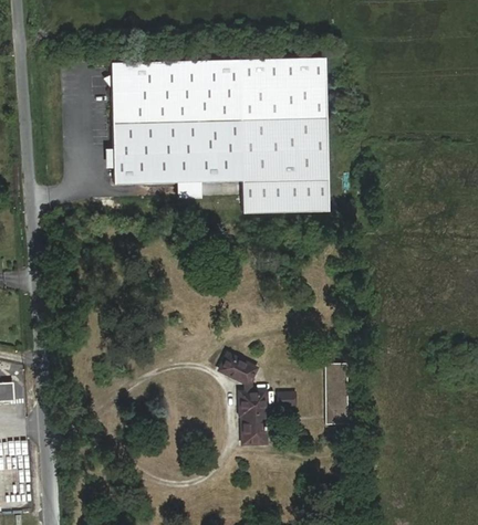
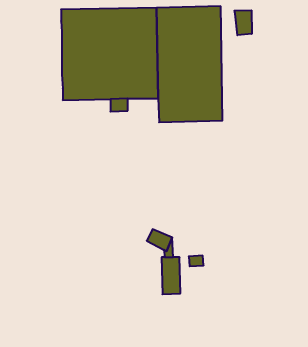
building: none -> [234,10,252,35]
building: [330,366,353,426] -> none

